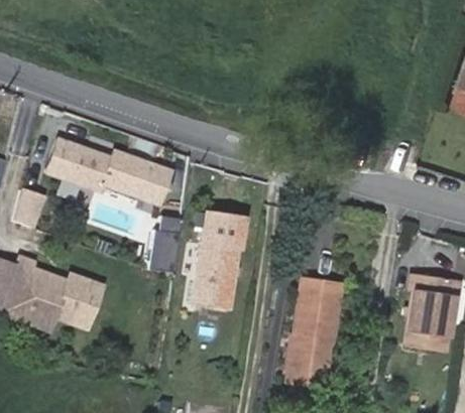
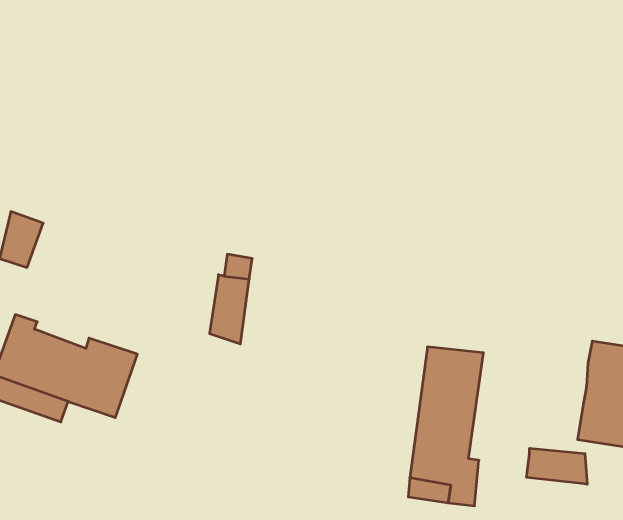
building: [44,136,169,201] -> none
building: [189,214,239,310] -> none
building: none -> [527,448,587,484]

